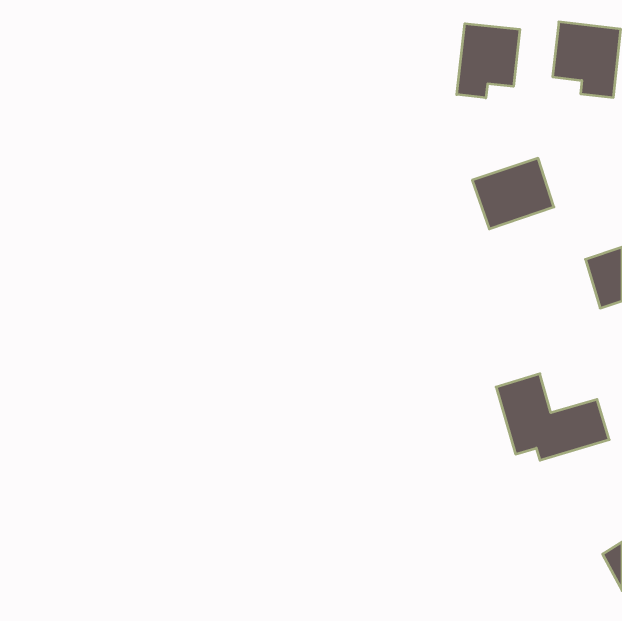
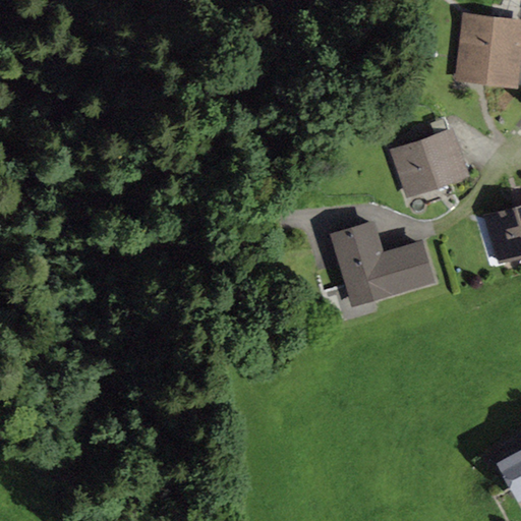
building: [457,24,520,98] -> none
building: [496,374,609,460] -> [335,225,429,297]

